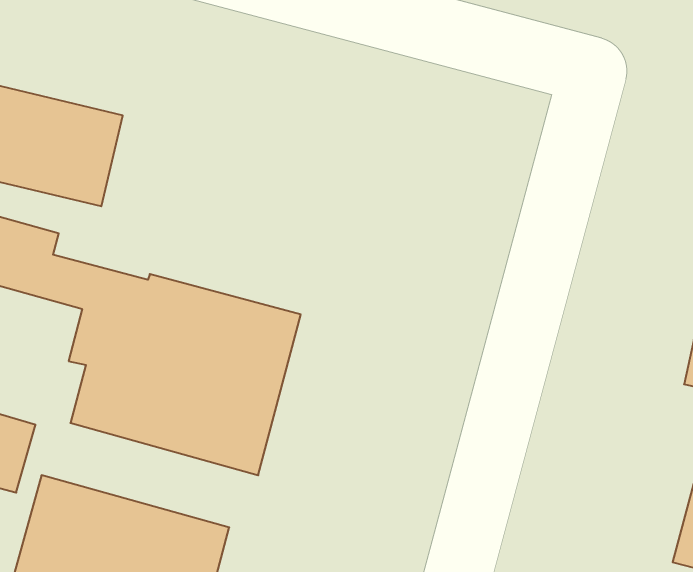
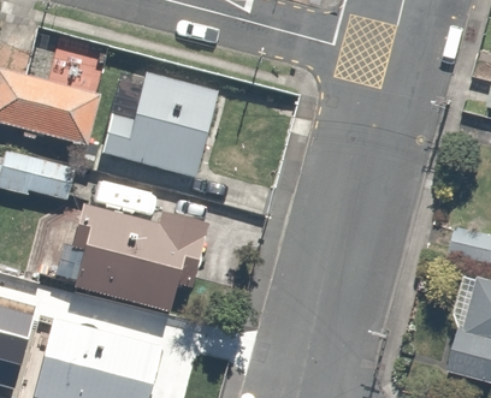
building: none -> [84,69,219,184]

